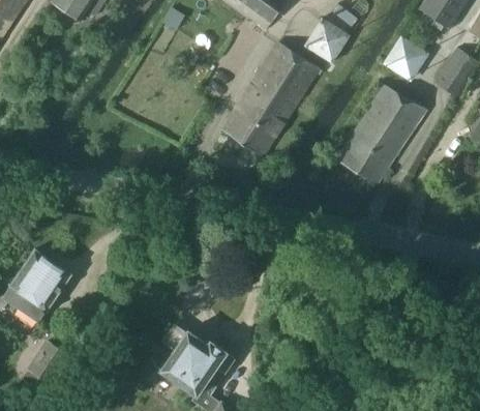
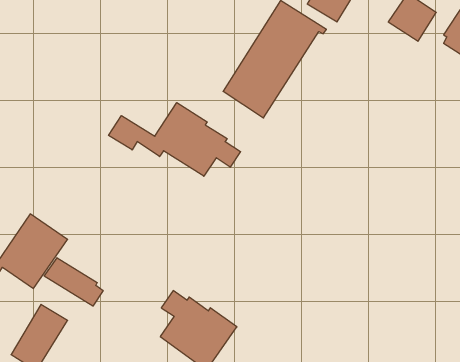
building: [336,83,425,182] -> none
building: none -> [109,103,241,176]
building: none -> [44,258,103,306]

